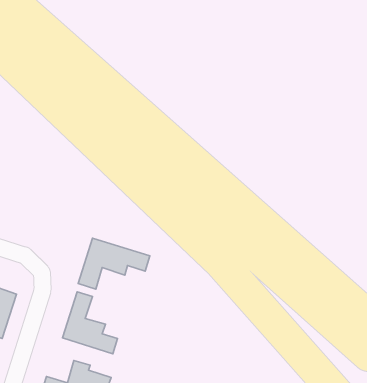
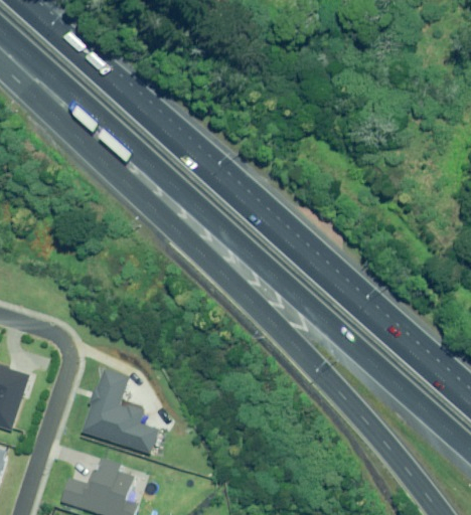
building: [78,238,150,289] -> none

